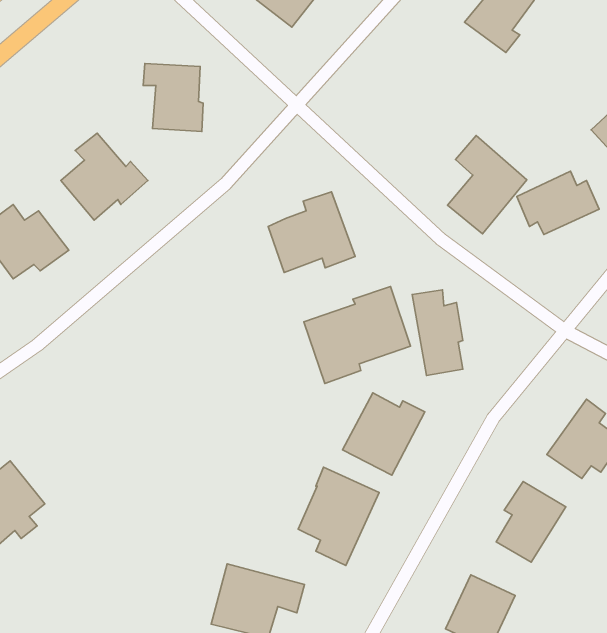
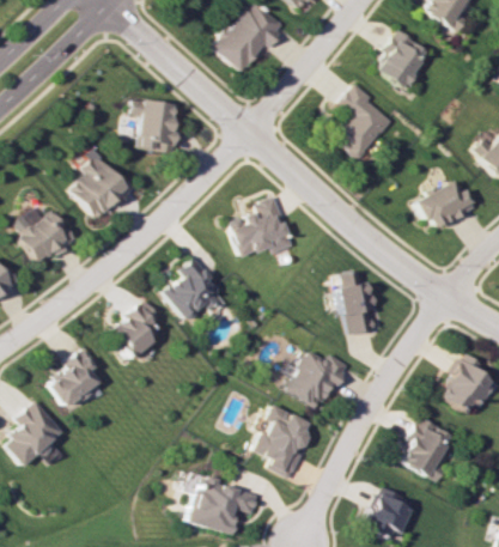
building: [448,136,527,234] -> [334,85,394,159]
building: none -> [160,257,224,321]
building: [304,287,410,384] -> none
building: none -> [109,299,160,357]
building: none -> [44,348,102,407]

